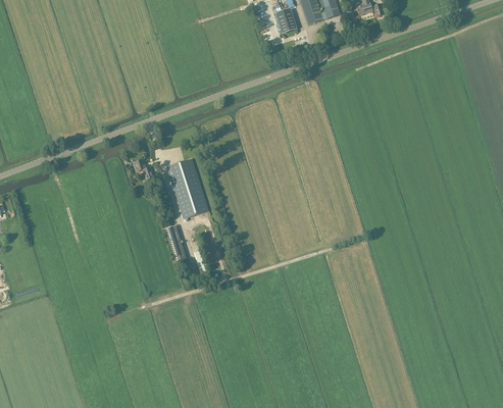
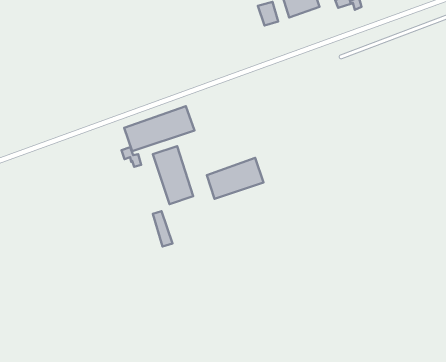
building: none -> [124,106,194,151]
building: none -> [207,158,264,199]

